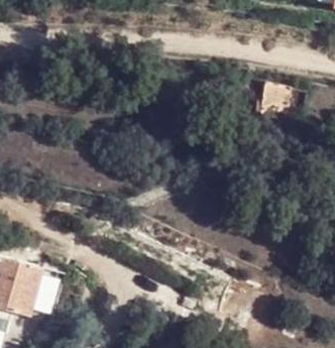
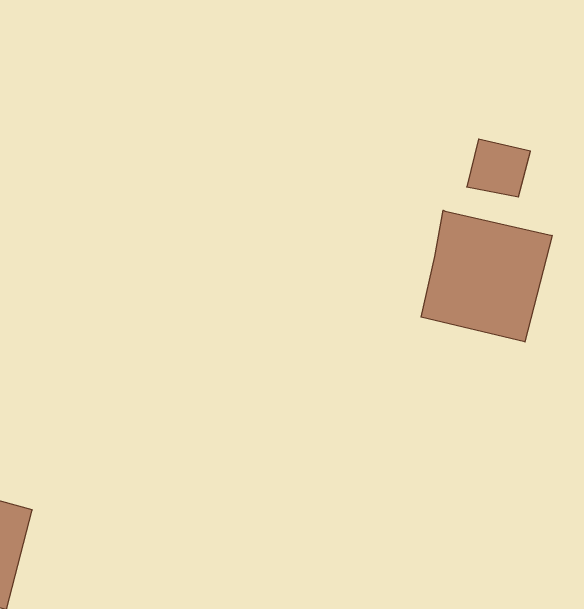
building: none -> [421,210,552,342]

